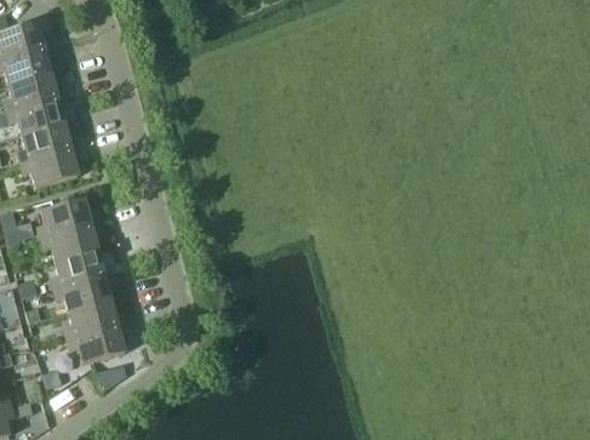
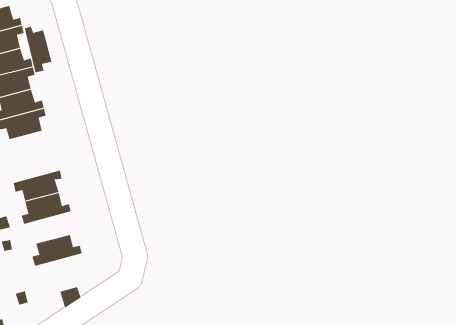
building: none -> [24,26,52,73]
building: [35,199,97,238] -> none
building: [52,273,113,312] -> none
building: [65,324,126,362] -> none

